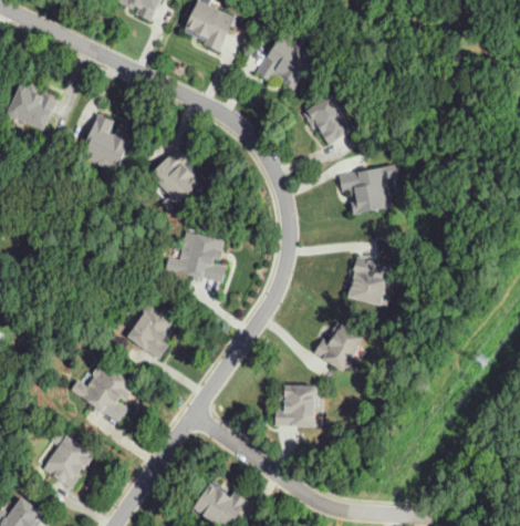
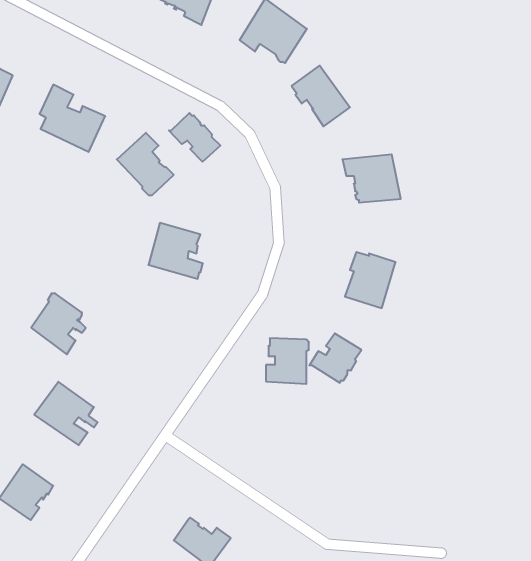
building: none -> [169,113,220,162]
building: [127,308,175,361] -> [31,293,86,354]
building: [274,388,312,427] -> [266,338,309,384]

